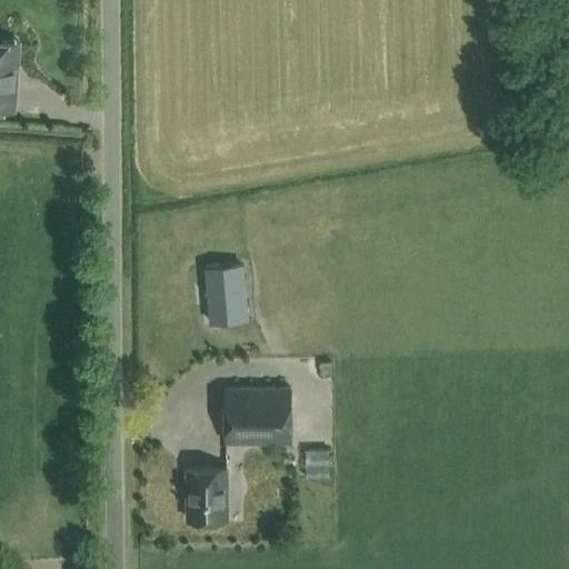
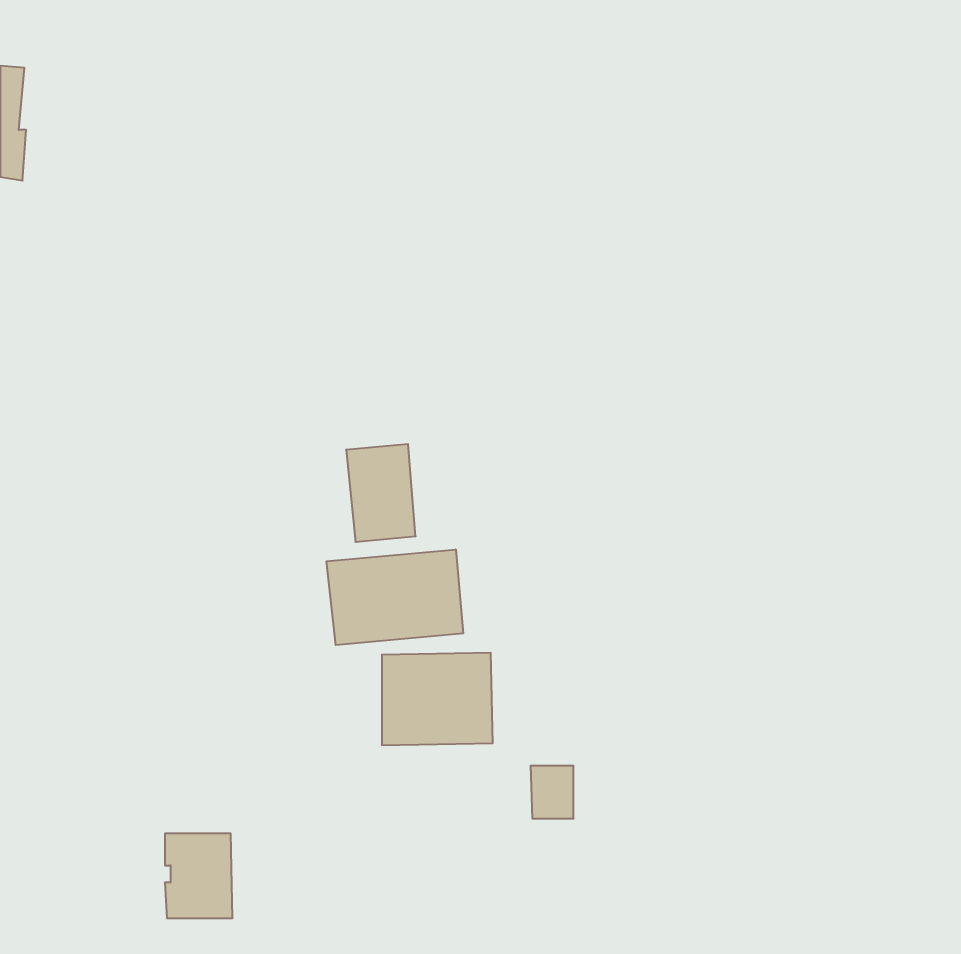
building: none -> [326,549,463,645]
building: [187,471,227,521] -> [165,833,233,918]

